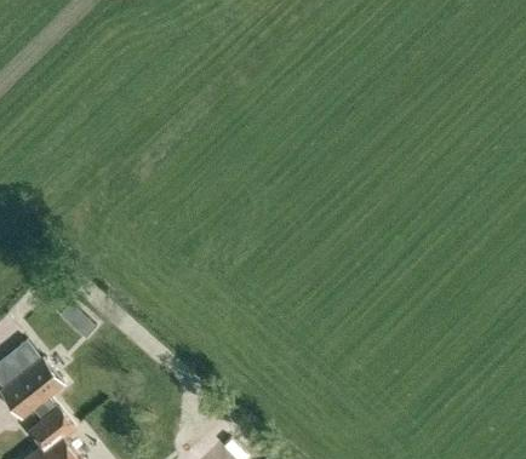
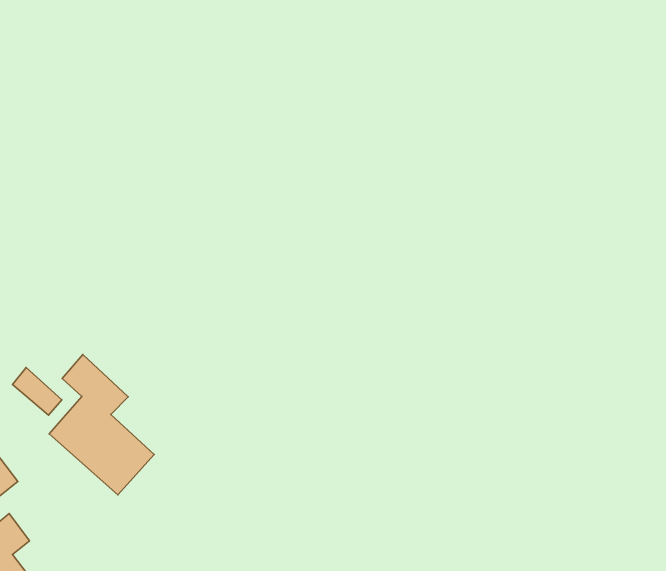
building: none -> [49,354,154,495]

